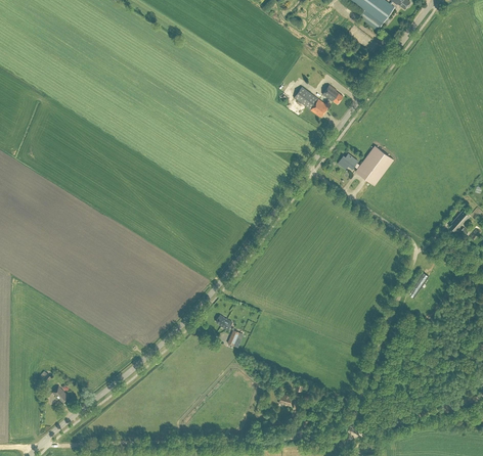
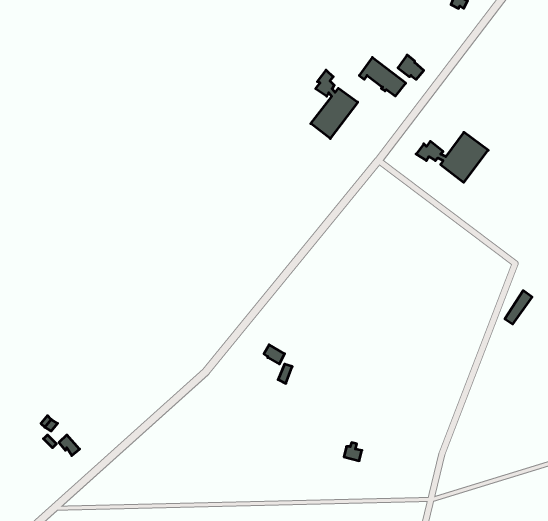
building: none -> [311,70,358,139]

